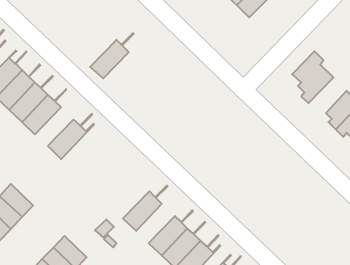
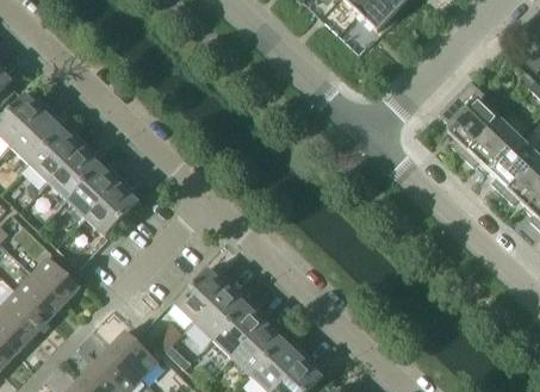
building: [90,33,134,78] -> [66,153,129,218]
building: none -> [461,119,516,170]
building: none -> [174,255,237,323]
building: none -> [31,256,80,304]
building: none -> [212,292,274,359]
building: none -> [108,331,157,379]

